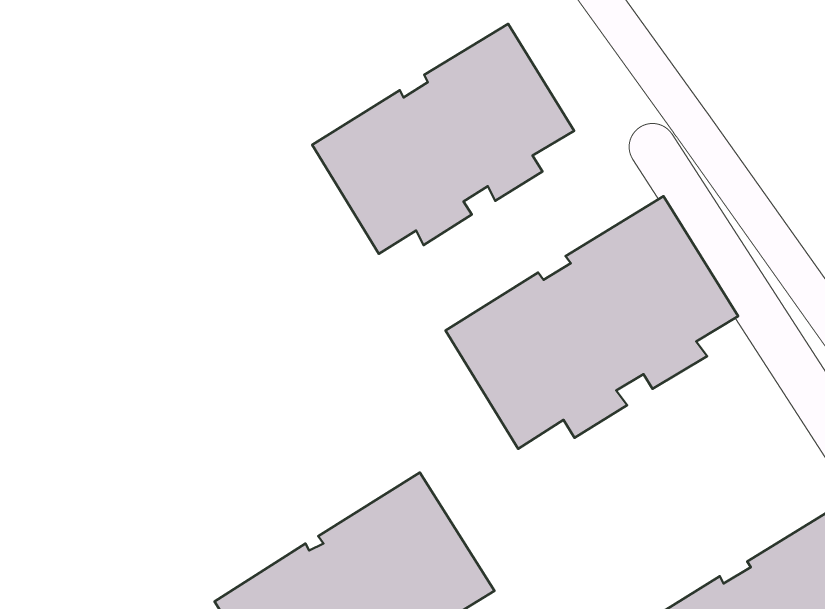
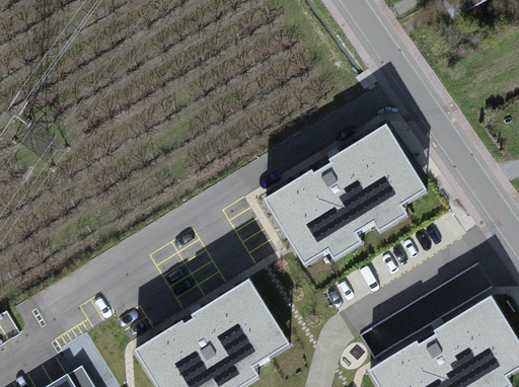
building: [312,24,574,254] -> none

